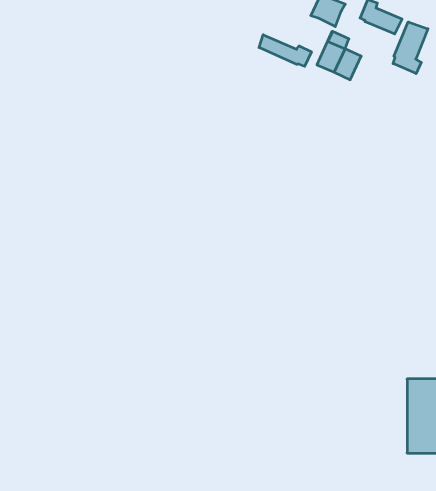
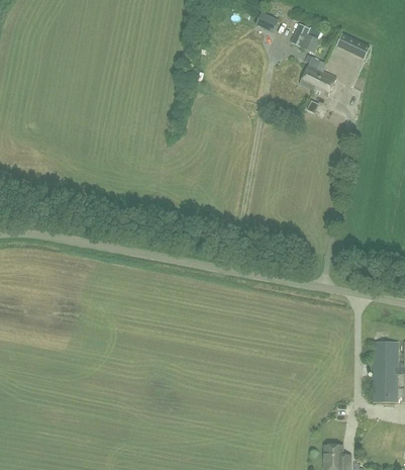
building: [393,22,428,74] -> none
building: [259,35,311,66] -> none

